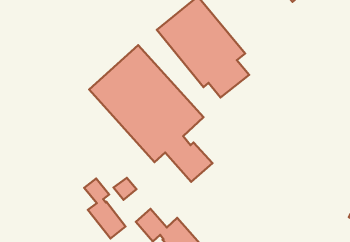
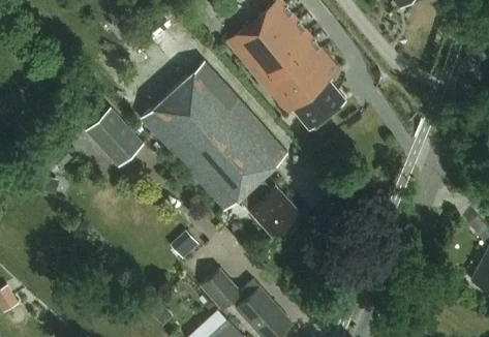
building: none -> [85,108,144,167]
building: [84,178,125,238] -> none

